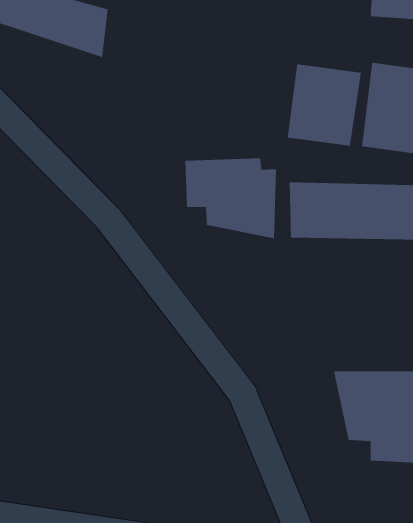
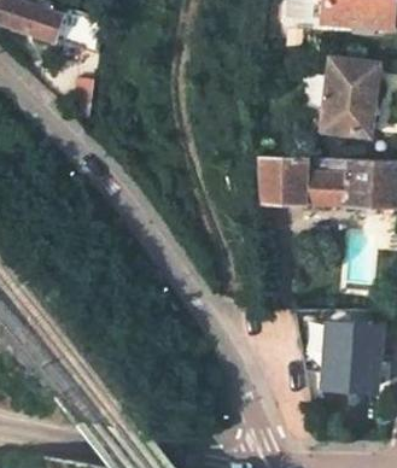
building: [287,63,362,147] -> none
building: [185,157,276,239] -> none

